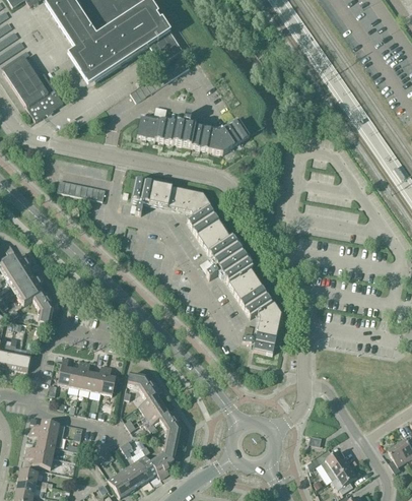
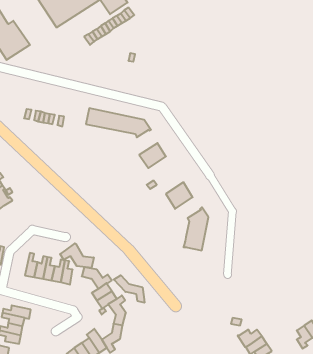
building: [137,116,250,152] -> none
building: [187,205,219,236] -> none
building: [208,237,253,284] -> none
building: [32,288,53,324] -> none
building: [241,288,272,317] -> none
building: none -> [60,243,94,268]
building: none -> [114,275,144,303]

